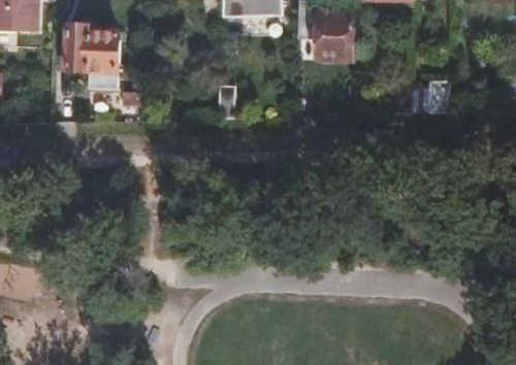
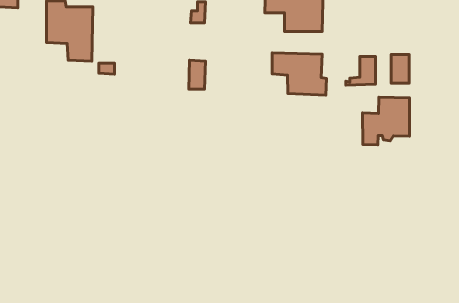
building: none -> [272,53,327,95]
building: none -> [363,97,409,145]

